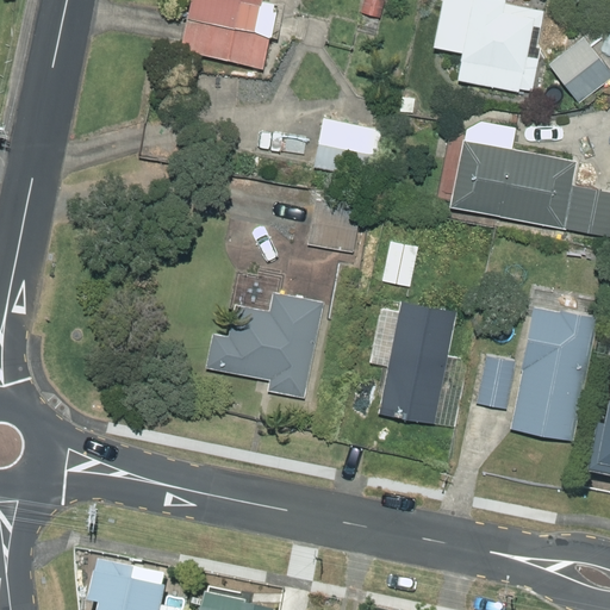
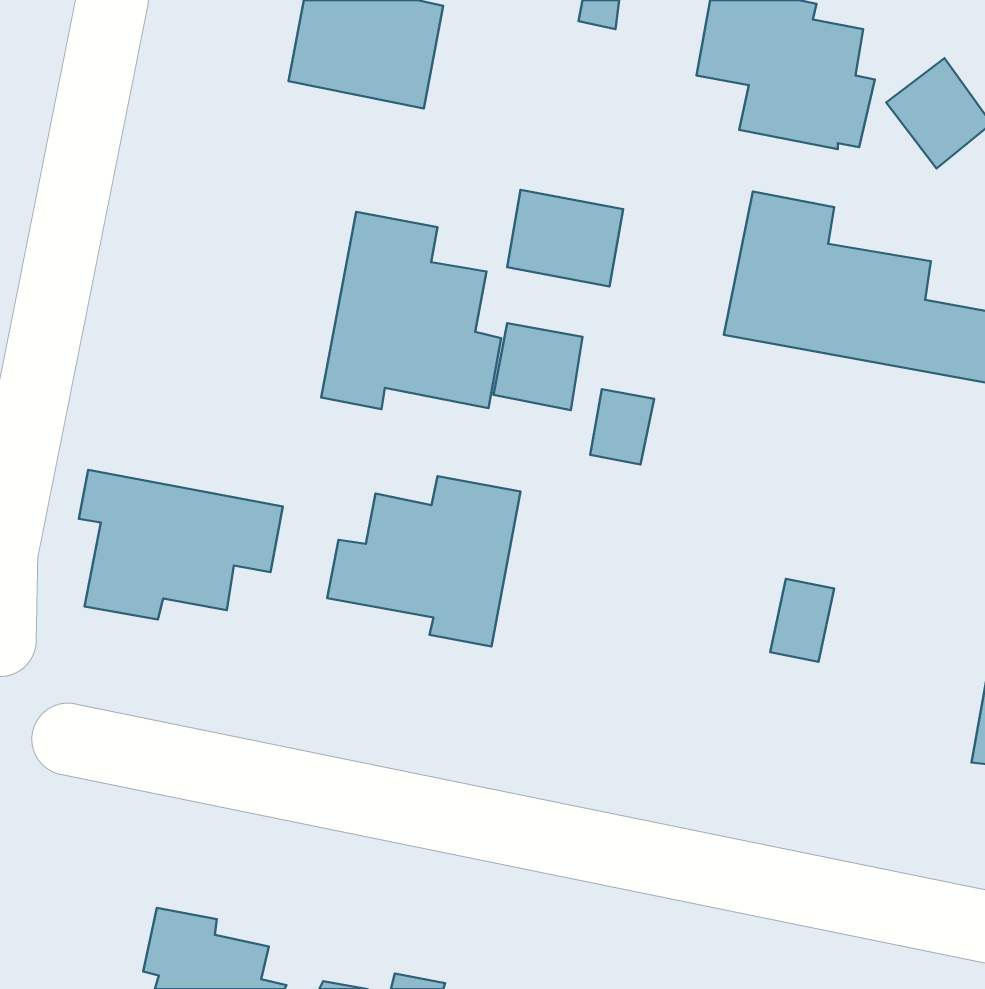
building: none -> [321,212,501,409]
building: none -> [79,470,283,620]
building: [376,300,456,424] -> none
building: [510,307,597,441] -> none

